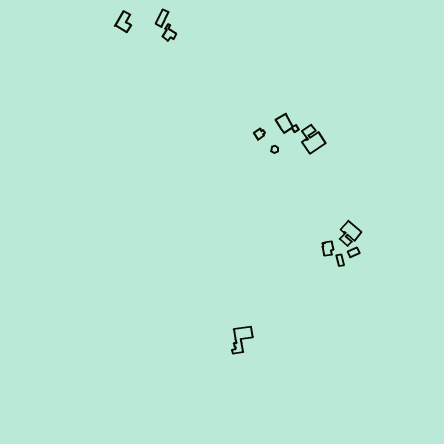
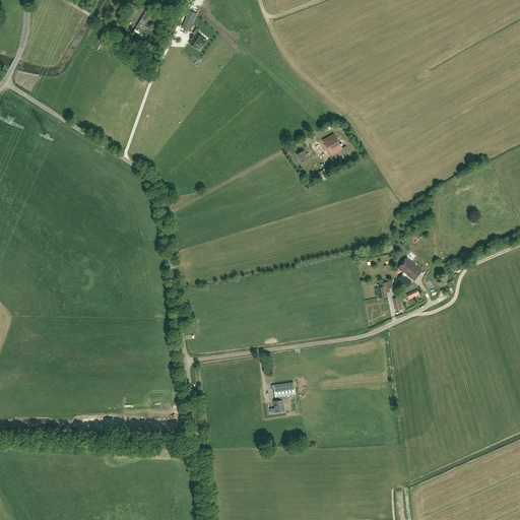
building: [302,125,326,154] -> none

